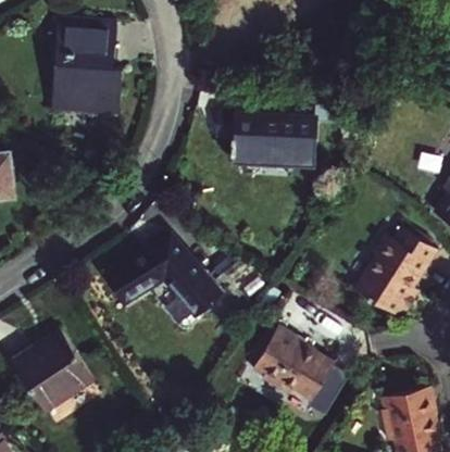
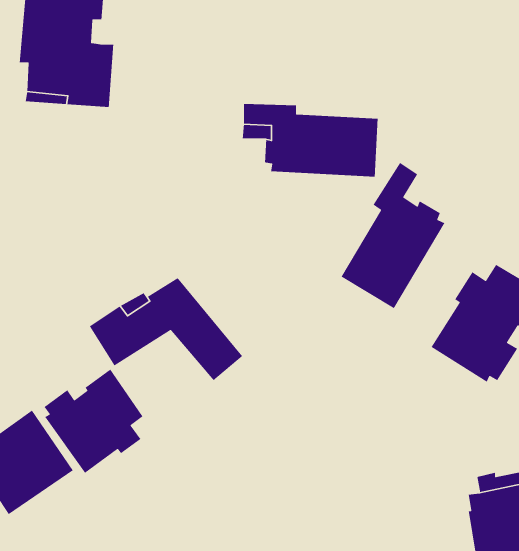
building: none -> [340,162,445,309]
building: none -> [44,369,143,474]
building: [252,325,334,401] -> none

